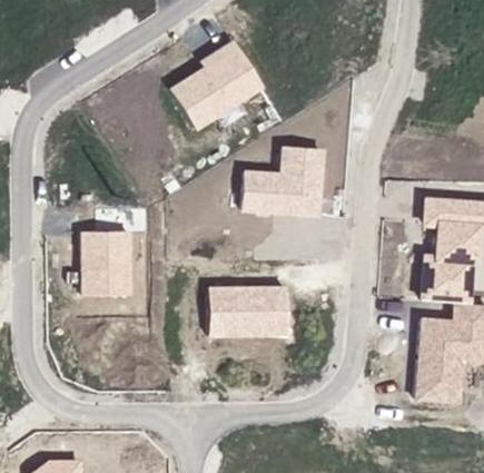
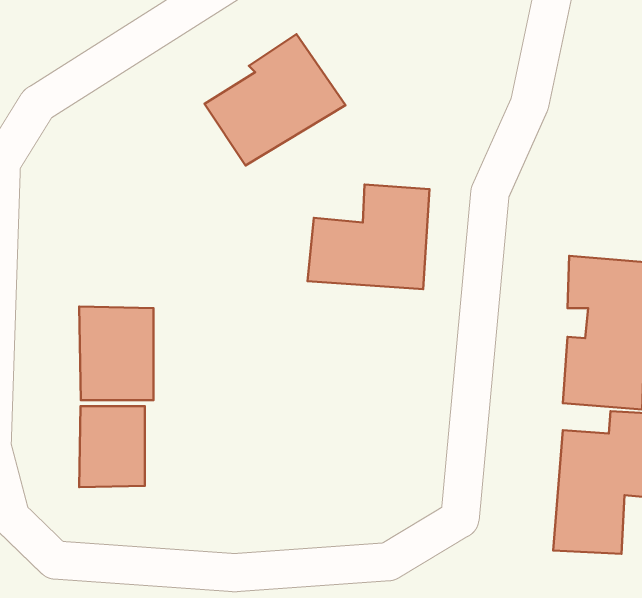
building: [208,285,290,336] -> none
building: none -> [79,406,145,487]

